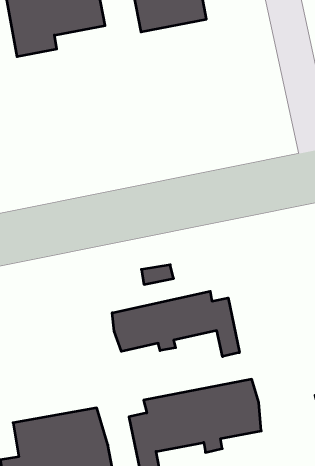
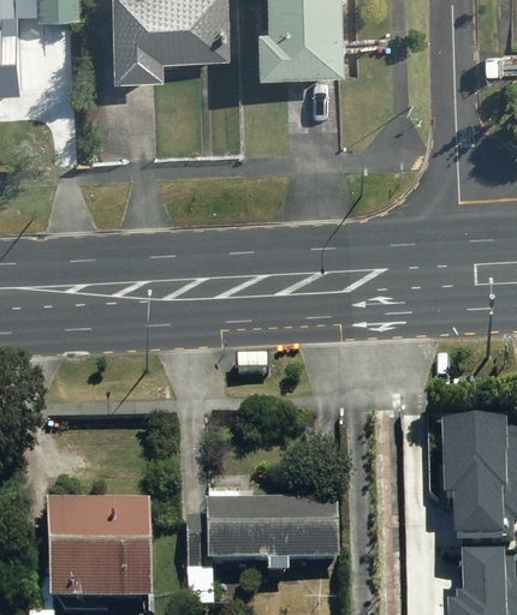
building: [112,291,239,357] -> none

